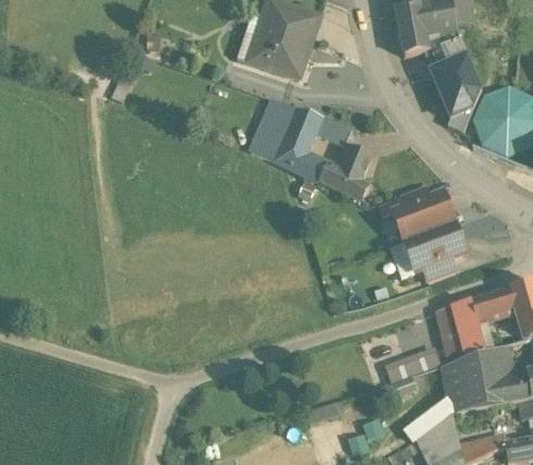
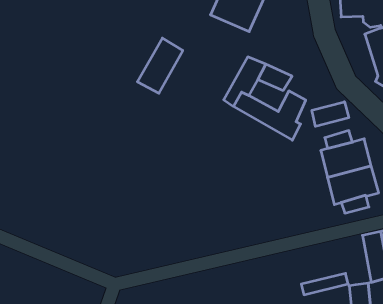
building: [249,98,298,162] -> [137,38,183,93]
building: none -> [312,102,349,126]
building: [435,304,466,362] -> none

